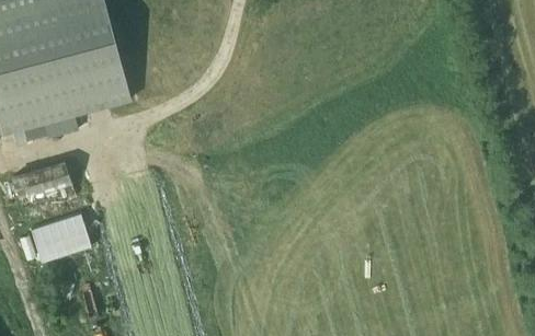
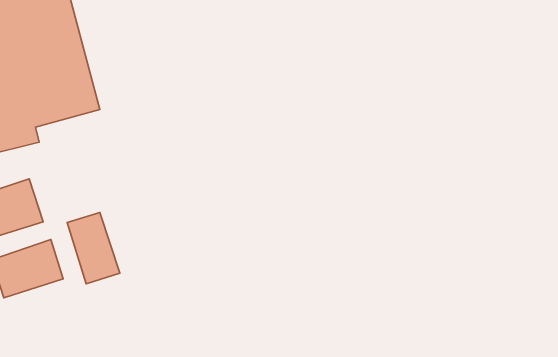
building: none -> [67,212,120,284]

